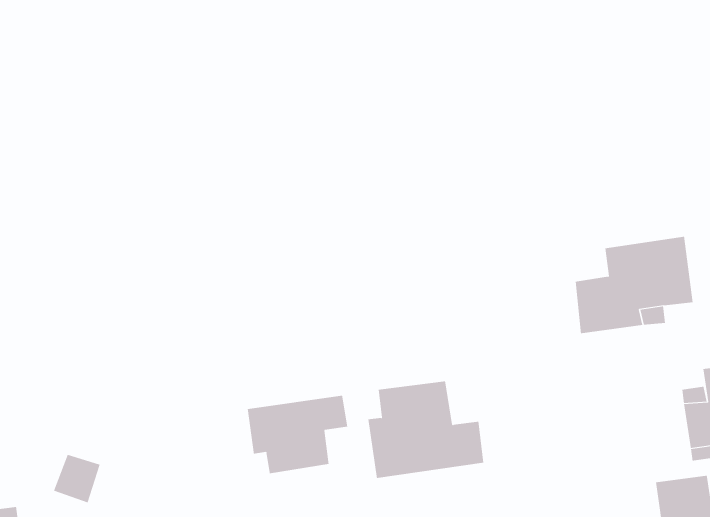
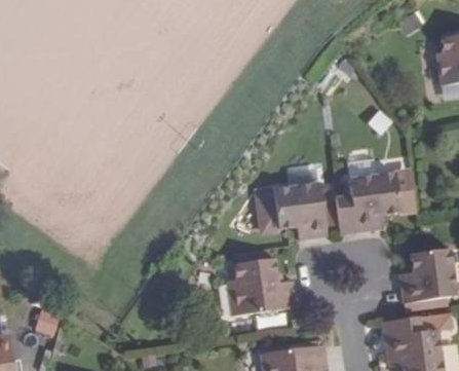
building: none -> [260,181,328,238]
building: [247,395,348,474] -> none

